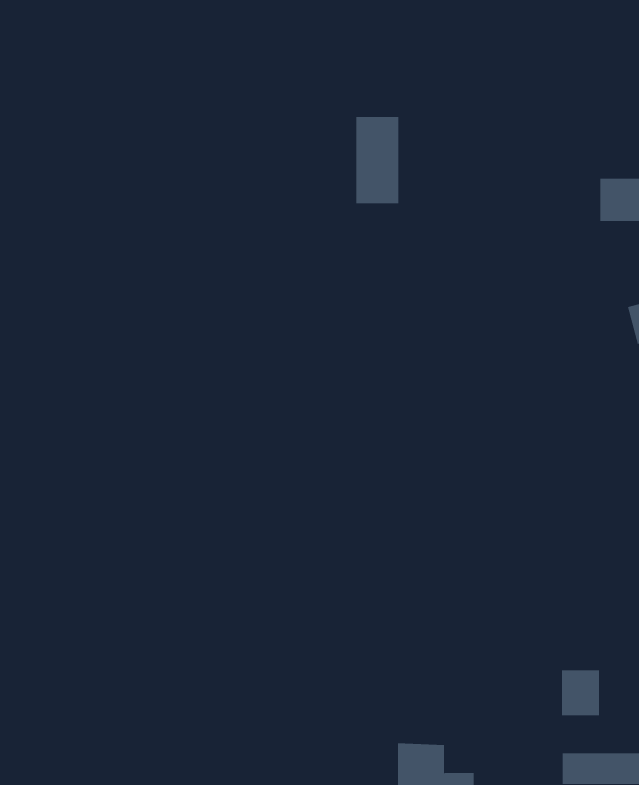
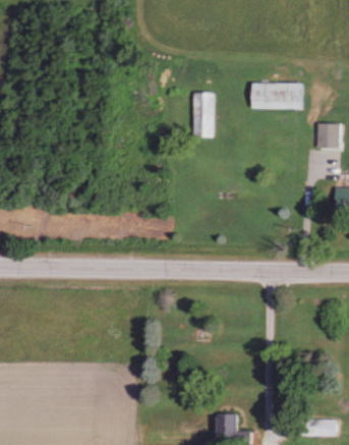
building: none -> [250,82,301,109]
building: [561,669,599,716] -> none

